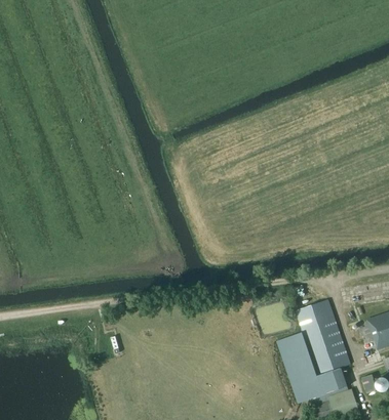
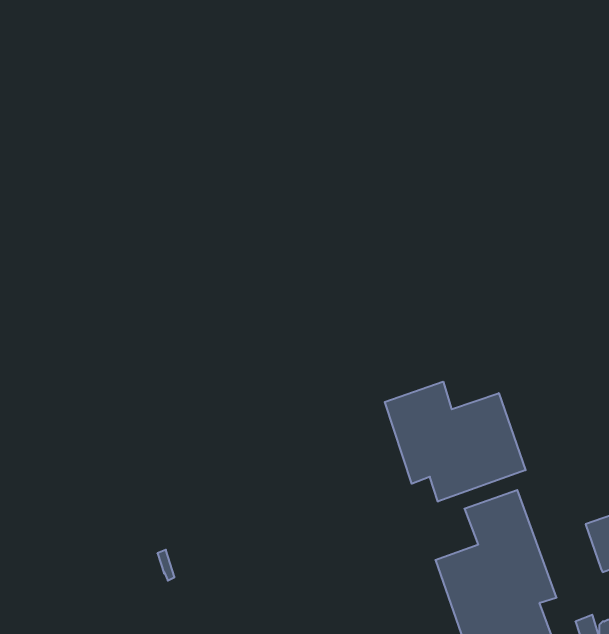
building: none -> [385,382,526,502]

